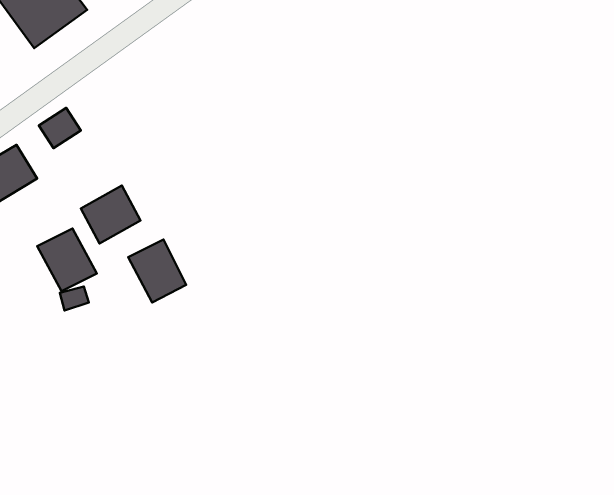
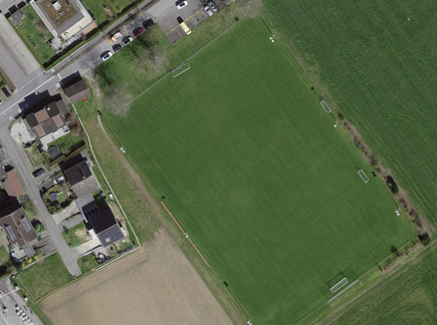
building: [81,186,140,243] -> none
building: [128,240,186,302] -> [87,205,124,244]

